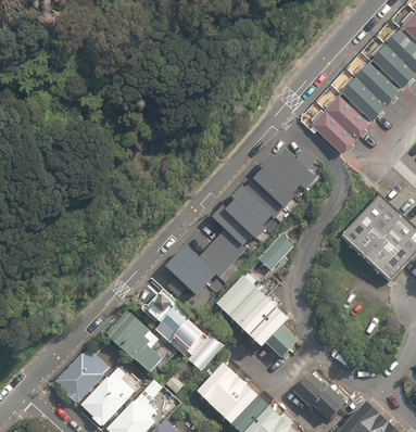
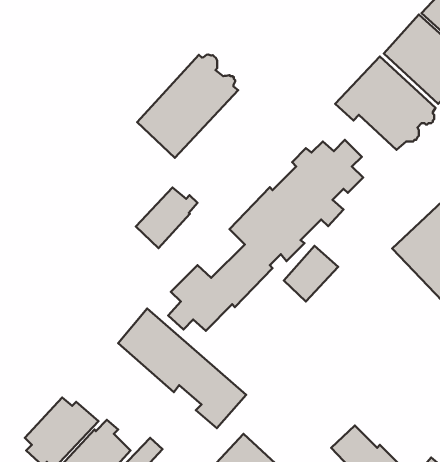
building: none -> [137,55,238,158]
building: none -> [136,187,197,248]
building: [217,272,301,358] -> none
building: [104,308,173,373] -> none

